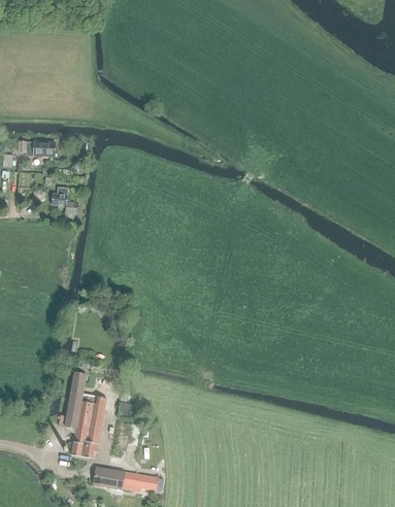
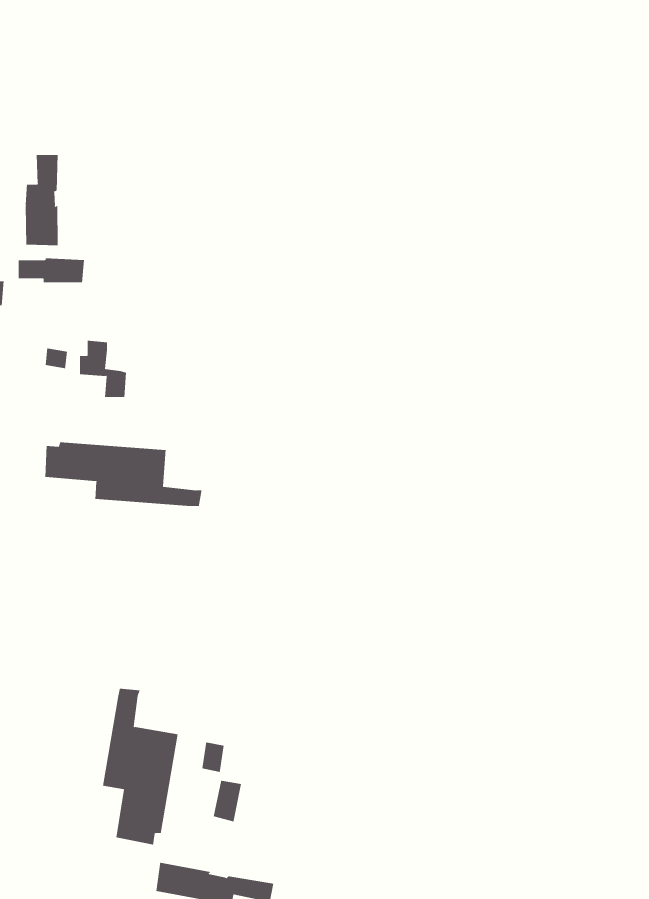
building: none -> [25,154,58,246]
building: none -> [45,441,202,507]

